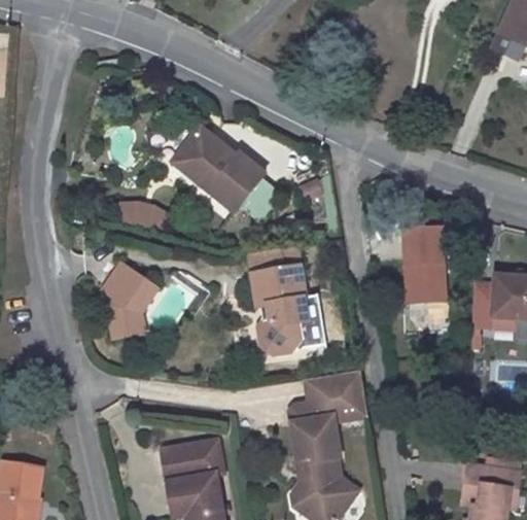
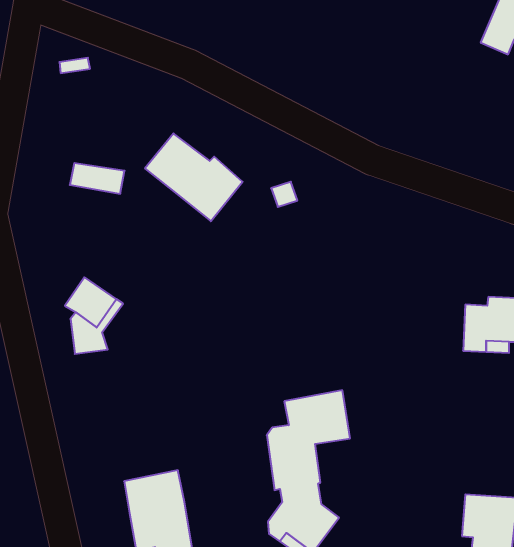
building: [116,198,168,227] -> [70,163,125,194]
building: [395,223,443,305] -> none
building: [247,248,317,353] -> none

